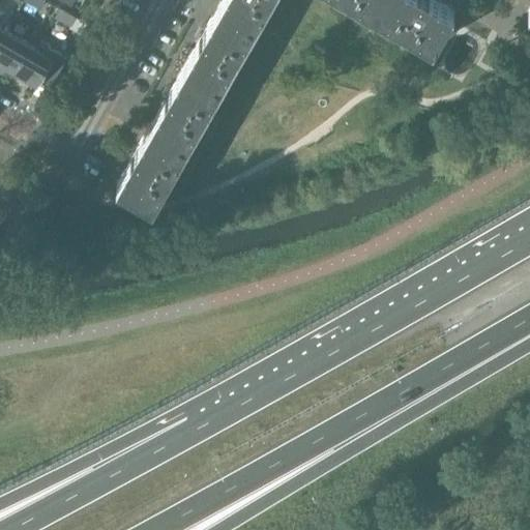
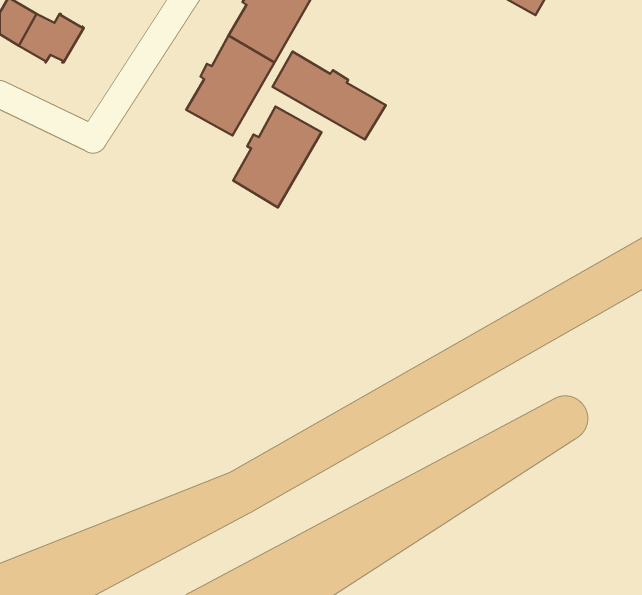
building: none -> [273,51,386,139]
building: [120,130,192,212] -> [233,106,321,208]

